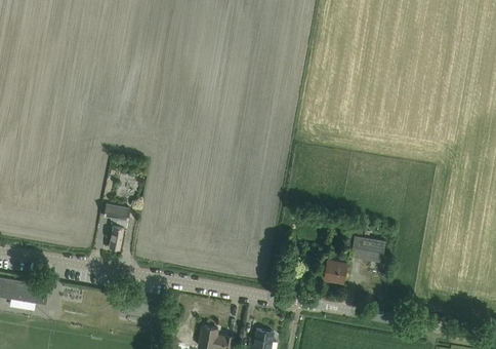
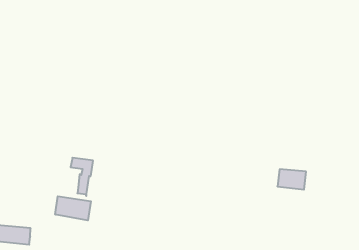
building: none -> [55,196,91,220]
building: [323,251,346,282] -> none

